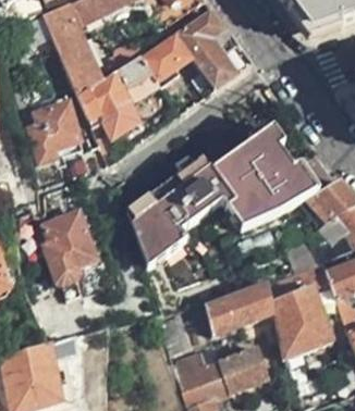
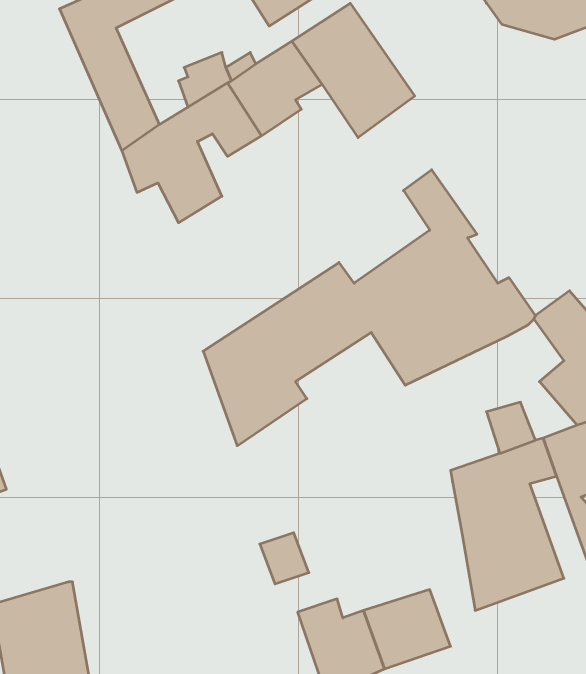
building: [28,96,81,162] -> none
building: [41,219,98,295] -> none
building: [205,285,274,335] -> none

